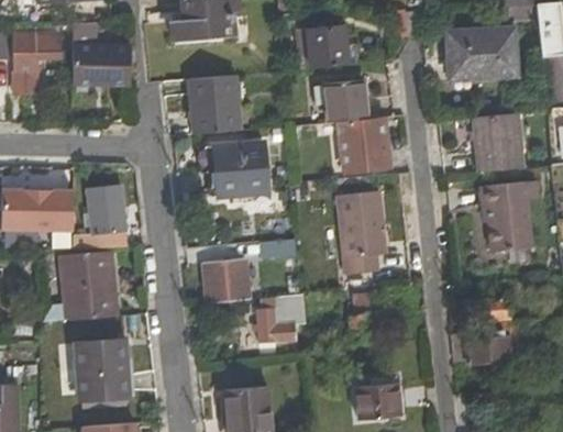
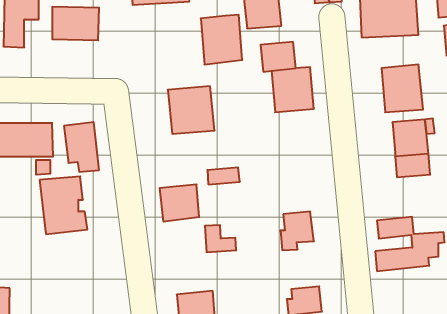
building: [190,76,241,136] -> [201,15,242,64]
building: [340,190,388,274] -> none
building: [75,335,130,399] -> none

